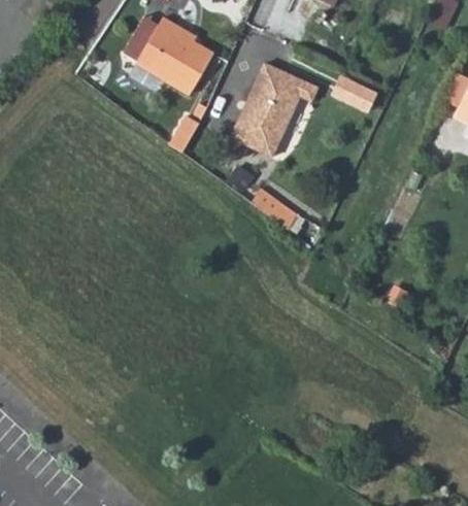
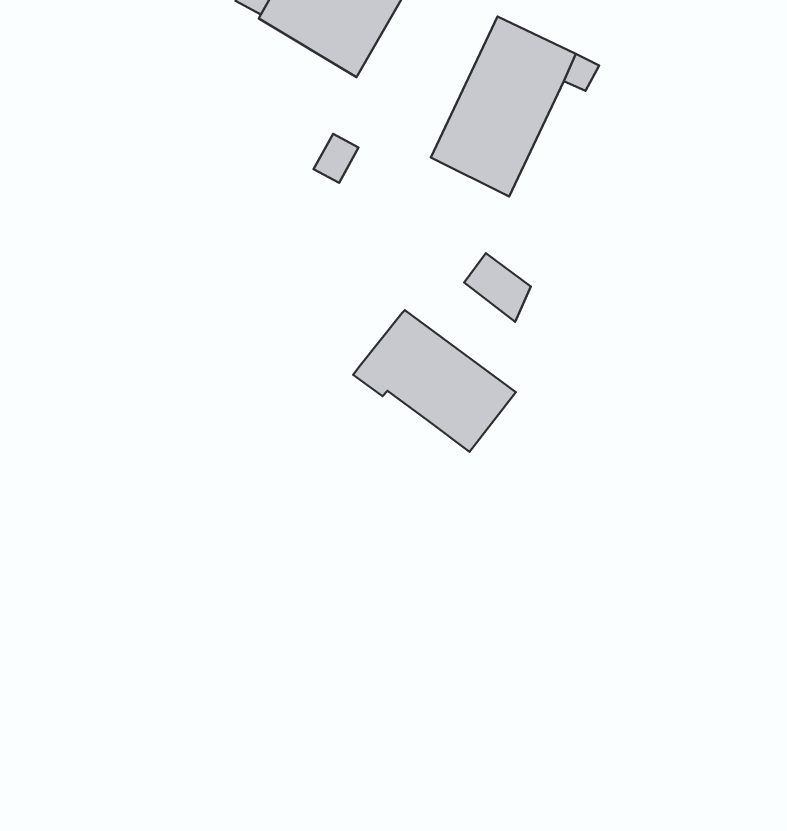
building: [332,77,376,113] -> none
building: none -> [353,310,516,452]

